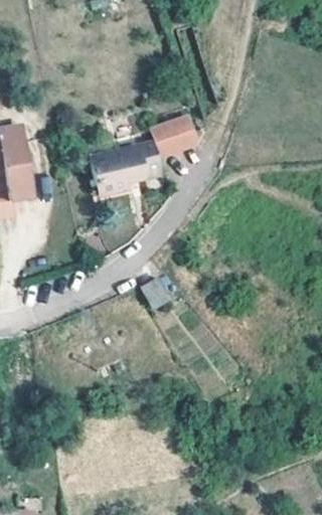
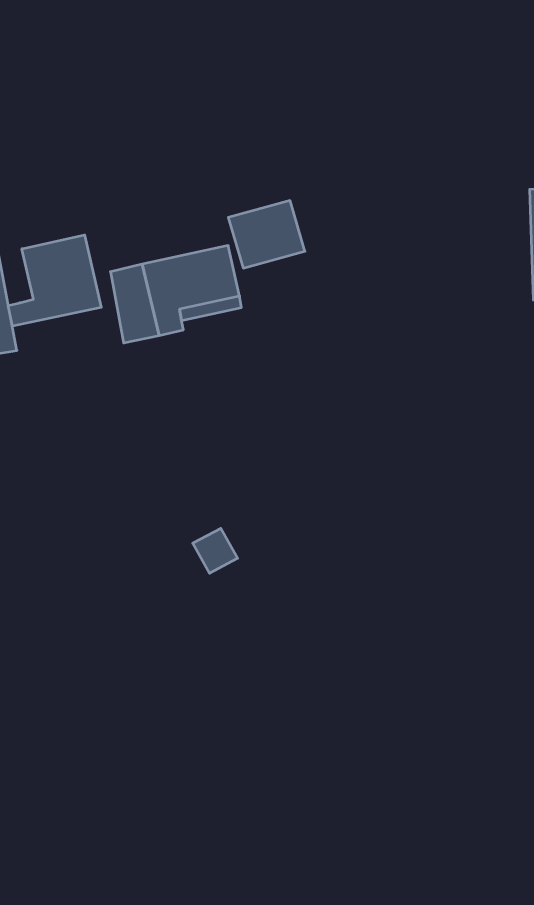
building: none -> [8,235,101,326]

